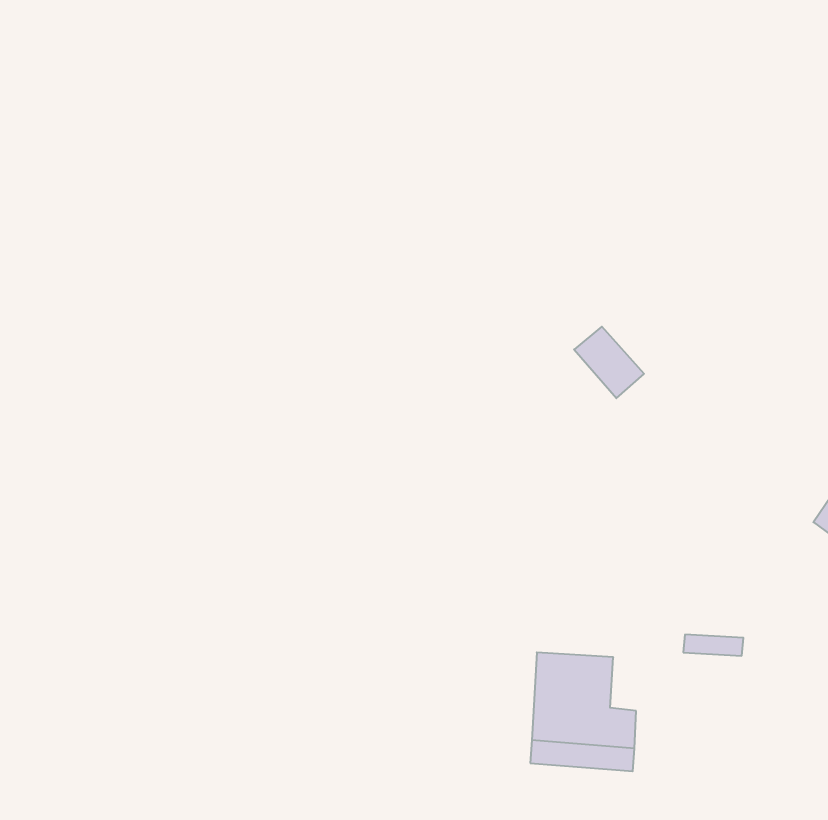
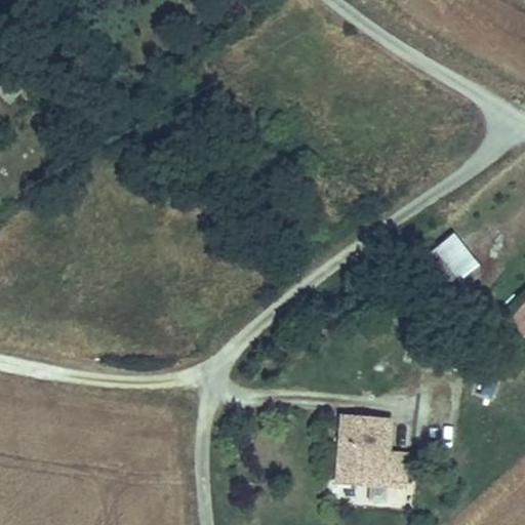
building: [574,327,644,398] -> [433,243,477,288]

